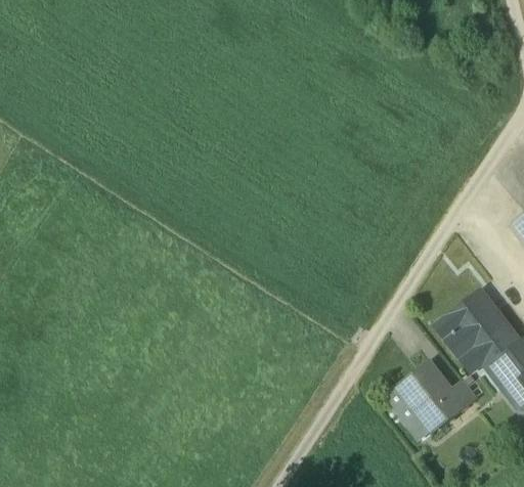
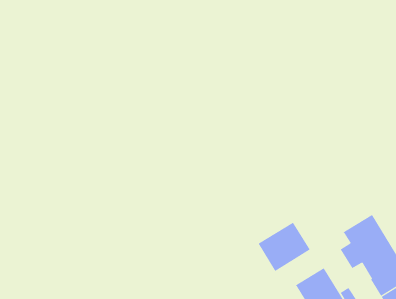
building: none -> [257,220,310,272]

